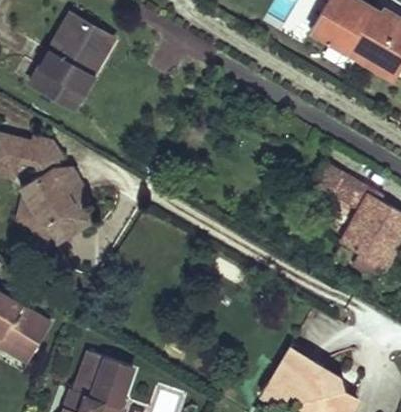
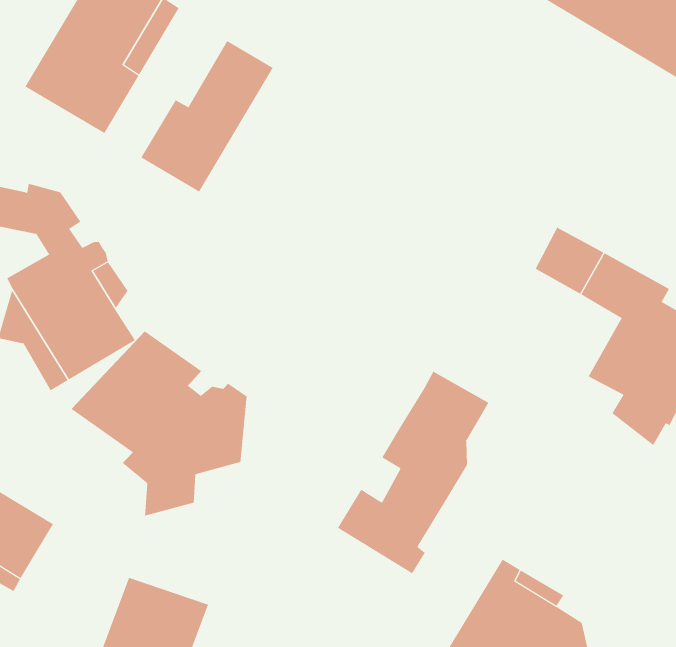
building: none -> [140,40,273,193]
building: none -> [70,331,247,517]
building: none -> [337,371,489,574]

